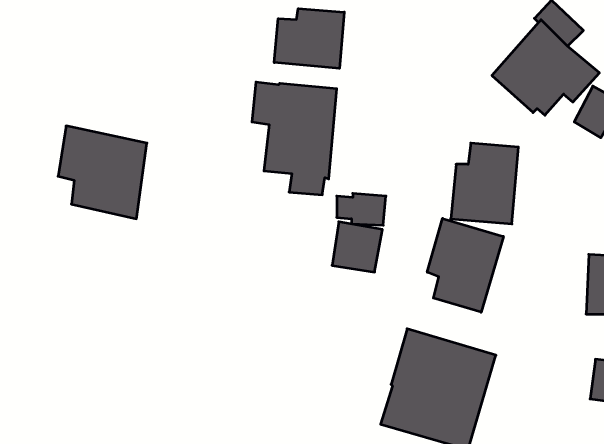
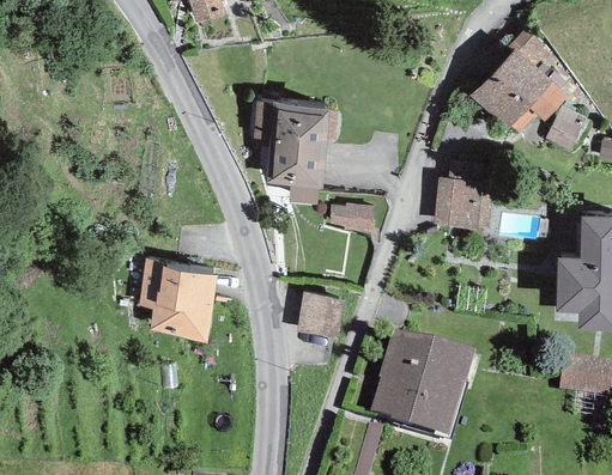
building: [274,9,344,68] -> none
building: [58,126,147,219] -> [138,258,218,342]
building: [427,218,503,312] -> none
building: [332,222,382,272] -> [298,292,344,337]

